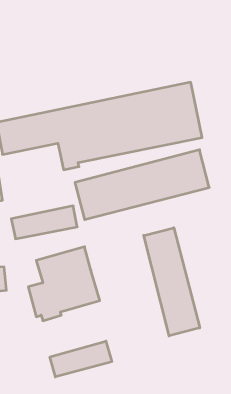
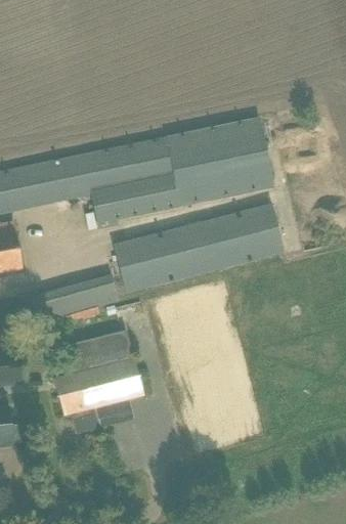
building: [144,228,200,336] -> none
building: [50,341,112,377] -> none

